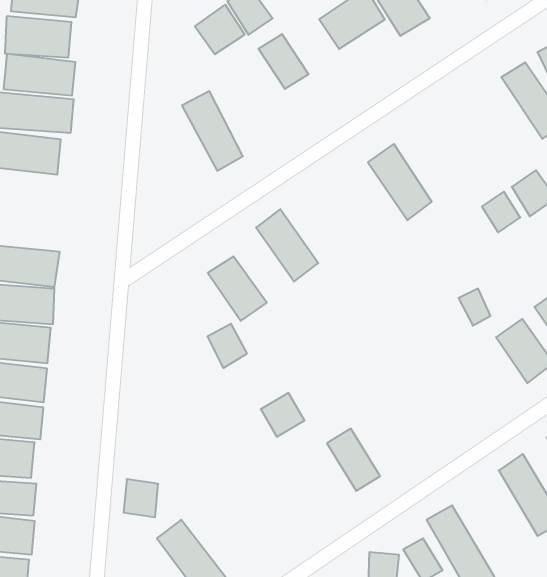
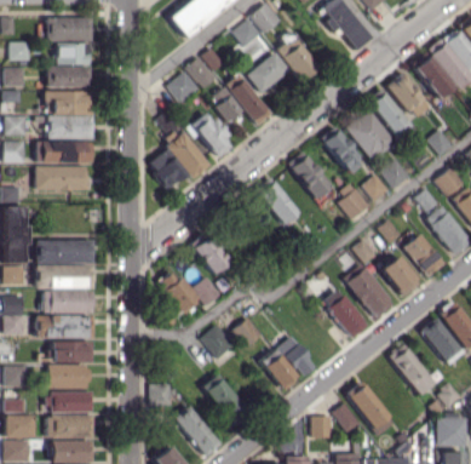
building: none -> [225,74,271,125]
building: none -> [186,110,235,157]
building: none -> [345,109,395,160]
building: none -> [321,126,362,172]
building: none -> [149,149,185,189]
building: none -> [337,185,369,219]
building: [256,209,318,282] -> [257,178,299,224]
building: none -> [157,270,200,314]
building: none -> [343,263,394,319]
building: none -> [322,288,368,337]
building: none -> [201,325,234,359]
building: none -> [265,355,297,389]
building: none -> [205,373,243,420]

